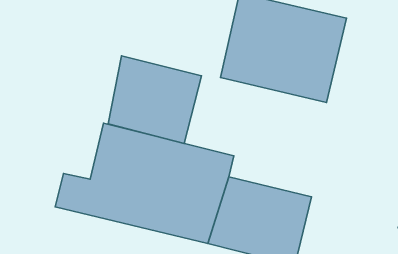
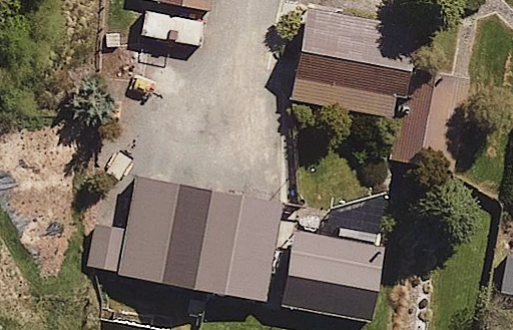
building: [108,56,201,143] -> none

